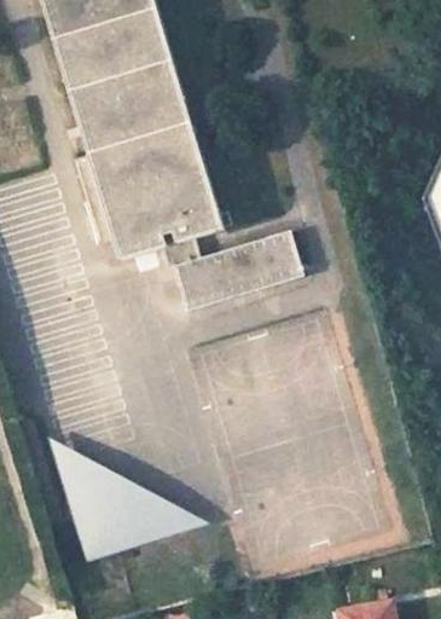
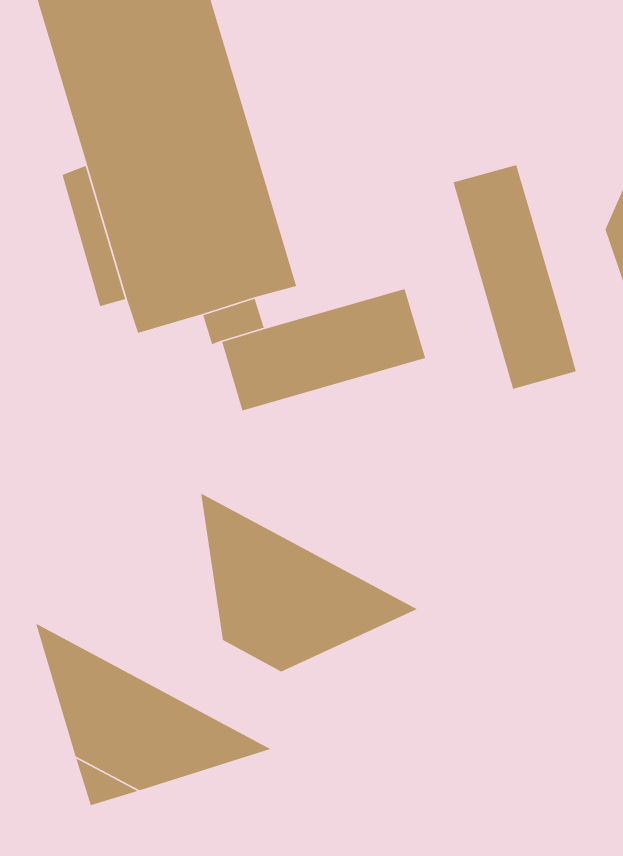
building: none -> [452,164,577,390]
building: none -> [200,492,418,673]

